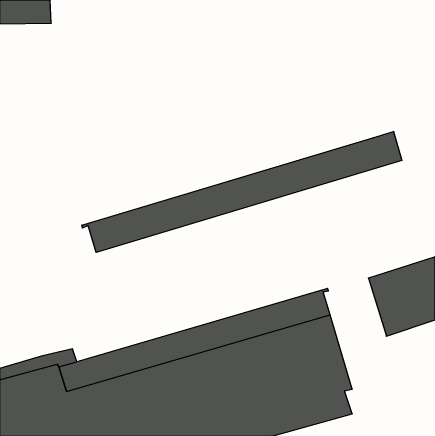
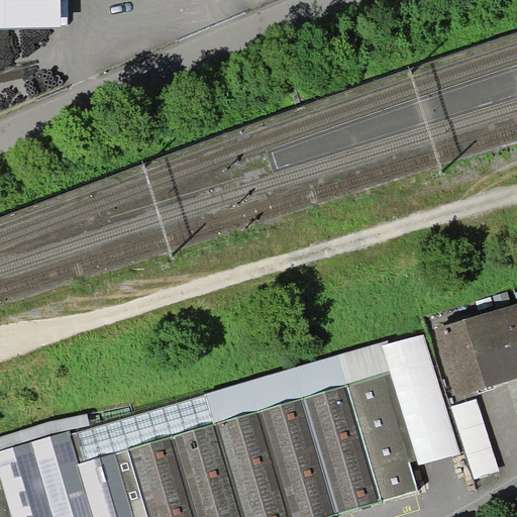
building: [82,131,402,252] -> none
building: none -> [383,333,459,464]
building: none -> [450,399,499,479]

